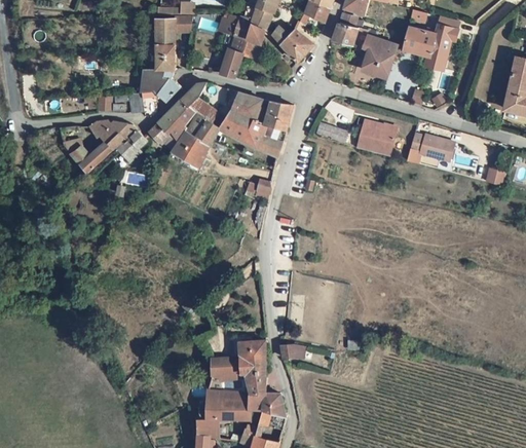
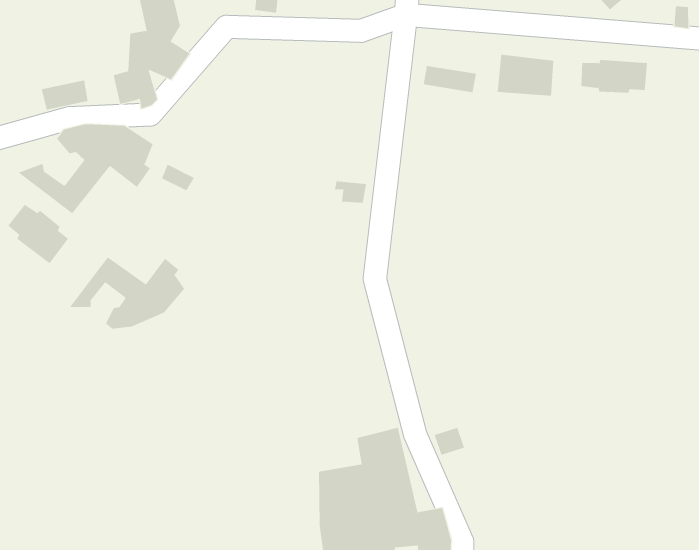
building: [146,83,291,164] -> none
building: none -> [7,204,69,264]
building: none -> [69,257,185,330]

